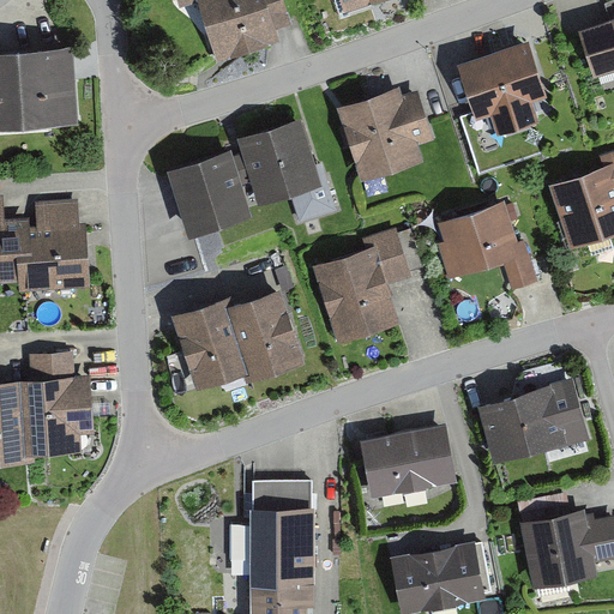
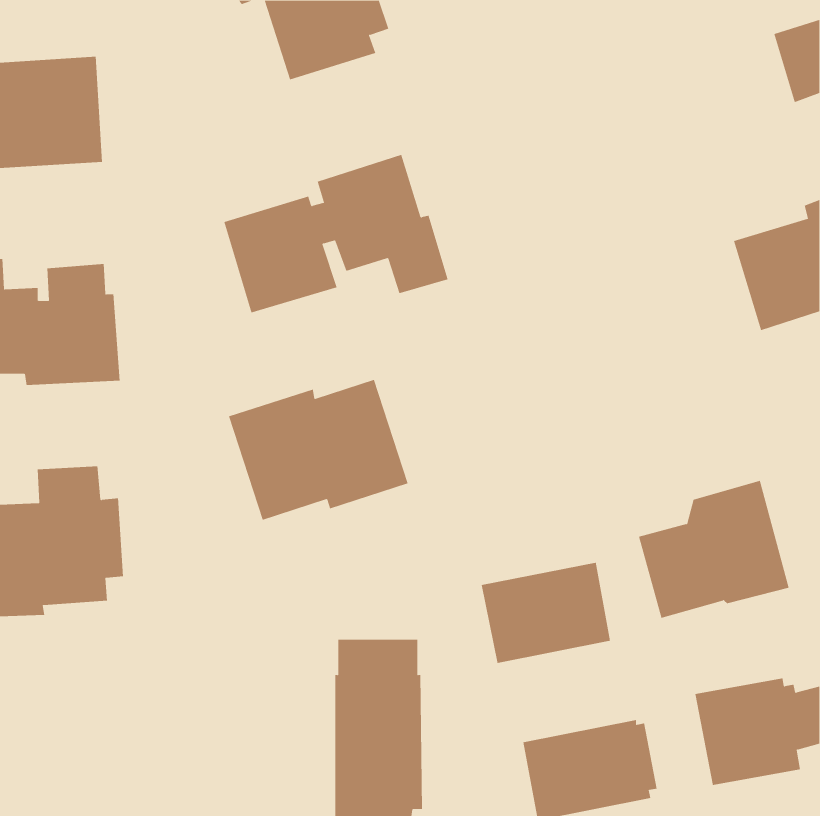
building: [456,38,548,137] -> none
building: [336,86,434,182] -> none
building: [438,201,538,293] -> none
building: [311,230,410,345] -> none

